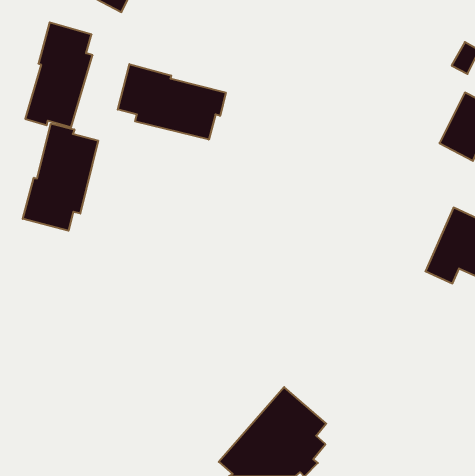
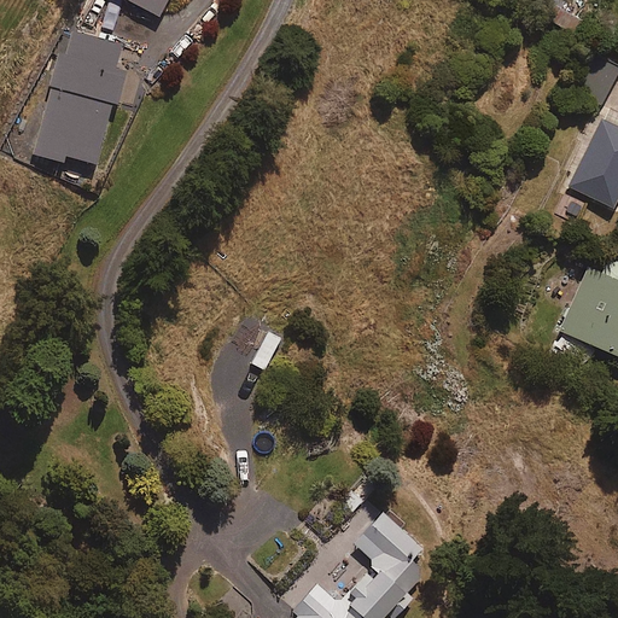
building: [118,64,226,140] -> none
building: [23,124,98,231] -> none

